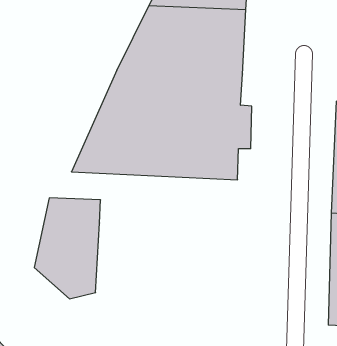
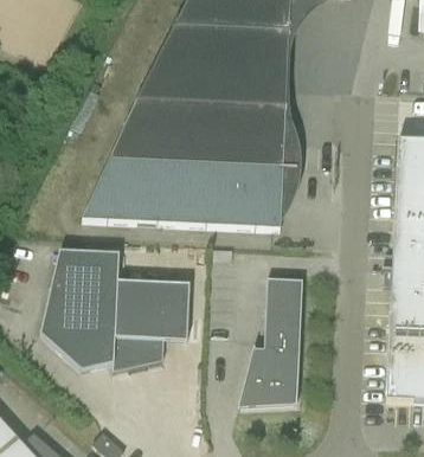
building: none -> [239,277,303,406]
building: none -> [114,279,189,369]

